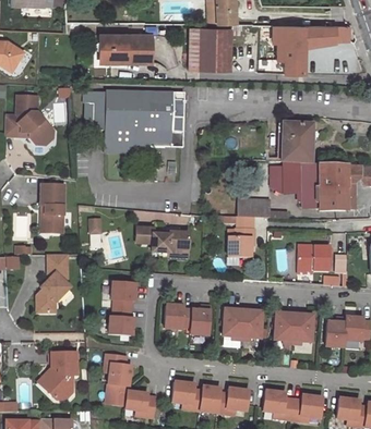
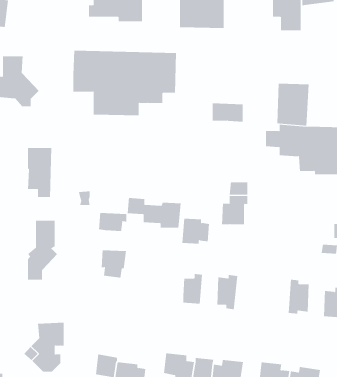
building: [238,199,268,218] -> [212,103,243,122]
building: none -> [99,212,127,232]
building: [296,246,328,270] -> none
building: [164,304,191,329] -> [181,218,210,244]
building: [109,307,133,335] -> none
building: [240,307,261,340] -> none
building: [274,310,294,343] -> none
building: [104,353,131,385] -> none

